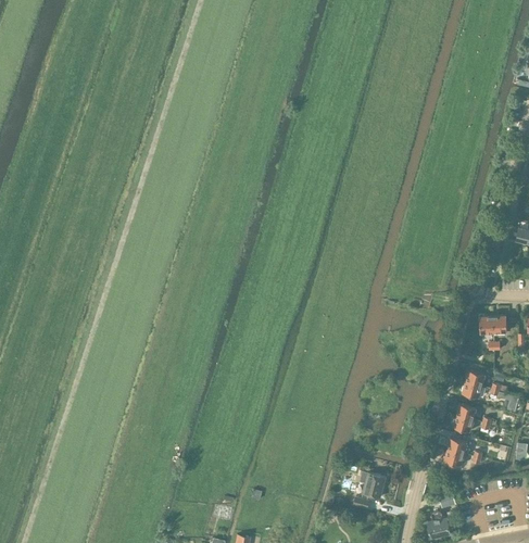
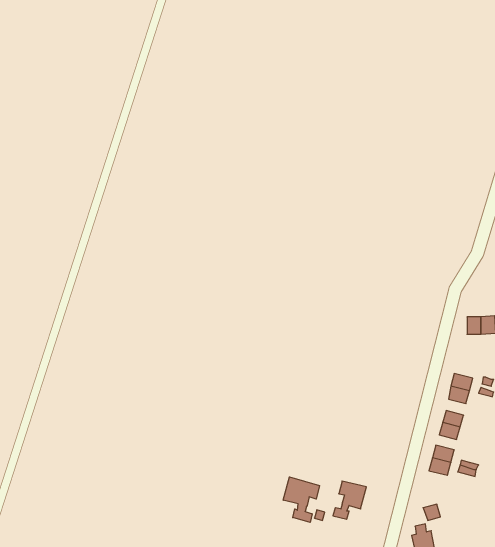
building: none -> [283,477,320,522]

